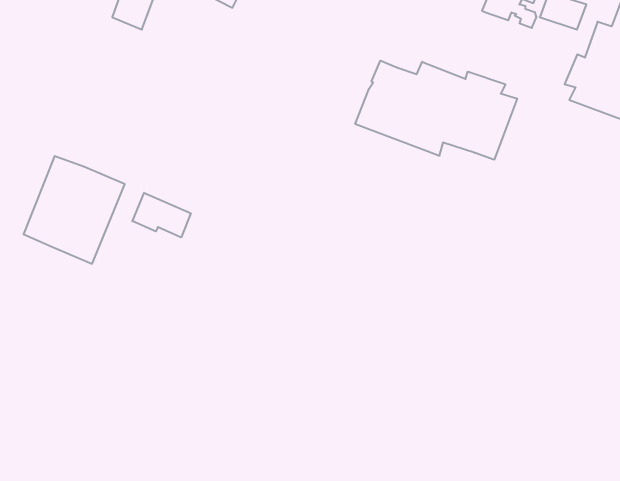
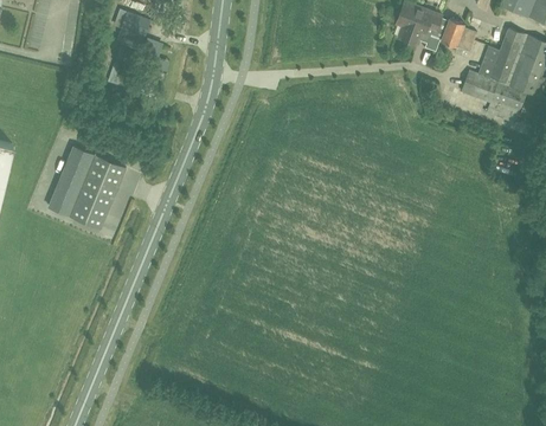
building: [355,61,517,160] -> none
building: [132,193,191,237] -> none

